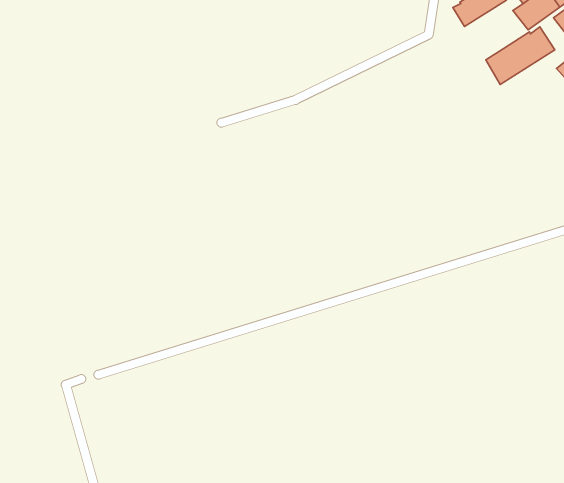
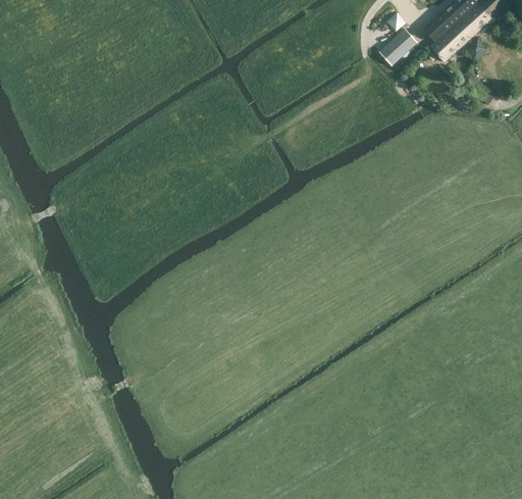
building: [486,27,555,84] -> none

